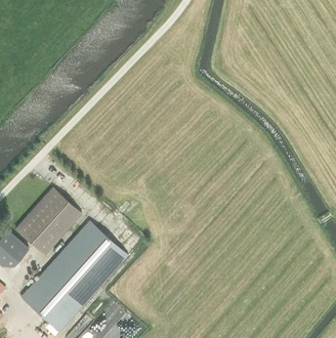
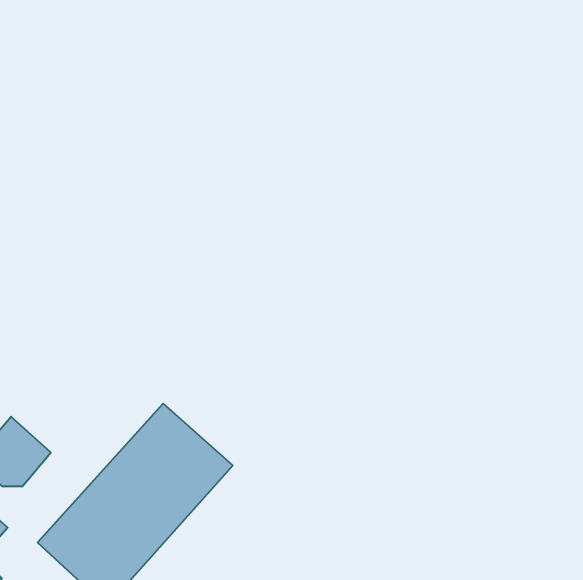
building: [15,186,83,255] -> none

